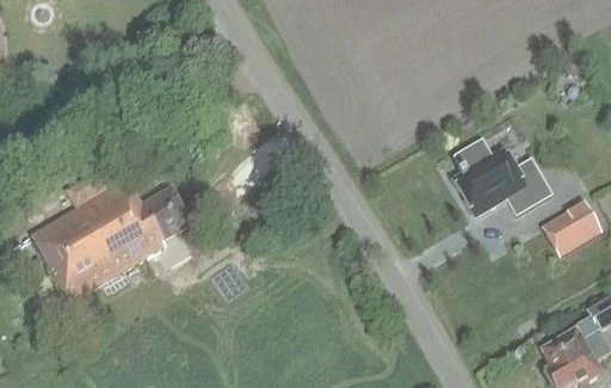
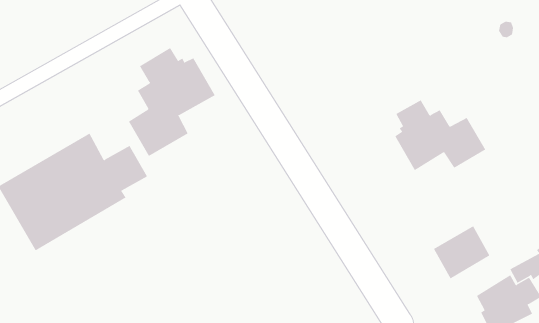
building: none -> [128,47,216,157]
building: [542,199,603,257] -> [433,226,490,279]

